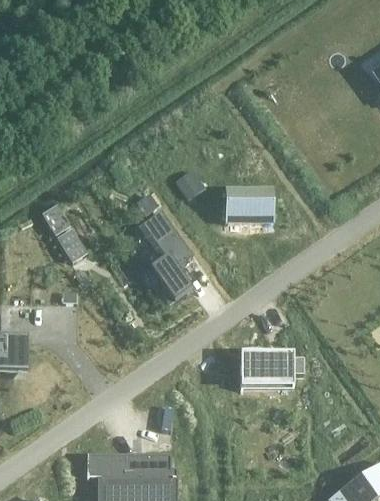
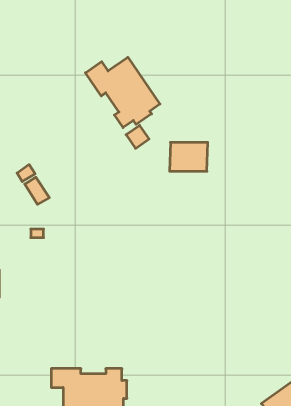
building: none -> [85,57,160,128]
building: [138,204,187,295] -> none
building: [240,351,303,386] -> none

